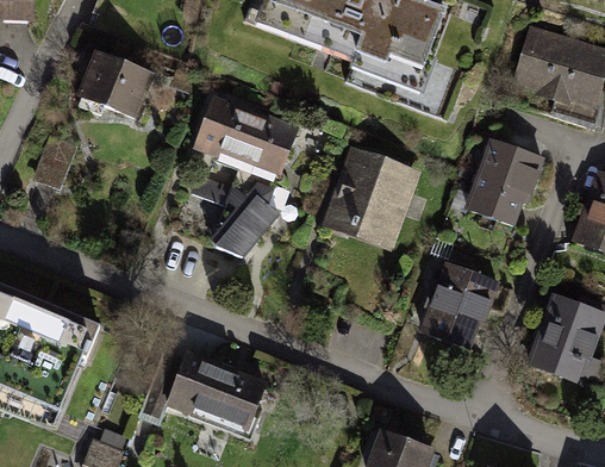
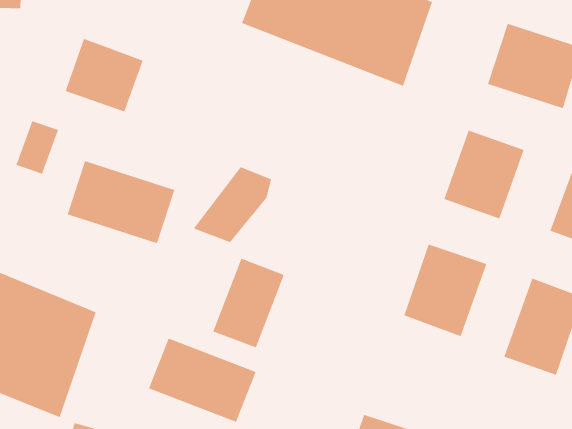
building: [191,89,300,174] -> [67,161,175,244]
building: [323,142,424,249] -> none
building: none -> [212,258,285,348]

